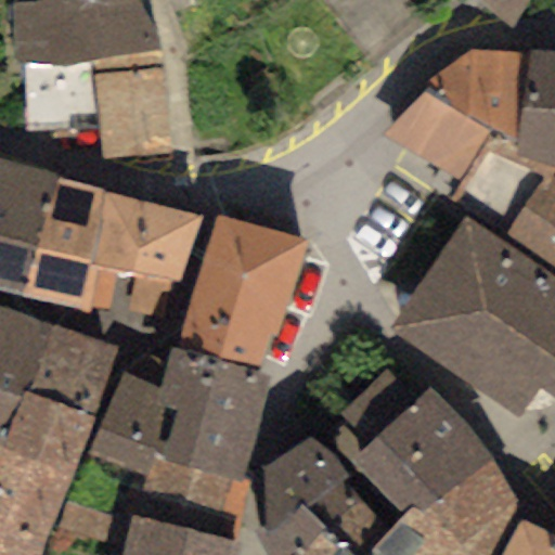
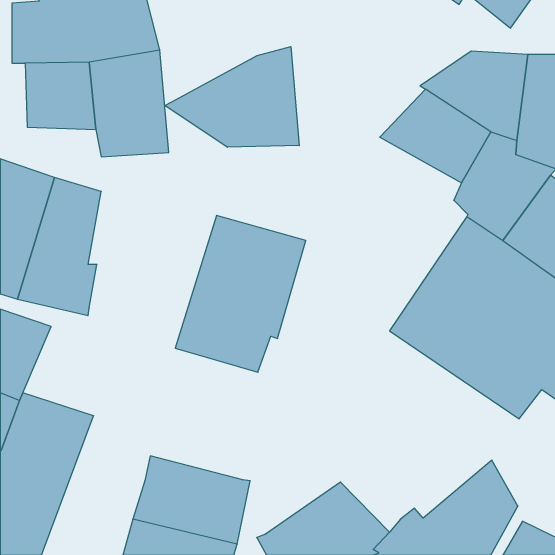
building: none -> [165,47,299,147]
building: [89,191,202,318] -> none
building: [24,325,116,414] -> none
building: [87,345,271,479] -> none
building: [332,370,491,517] -> none
building: [262,436,350,532] -> none

